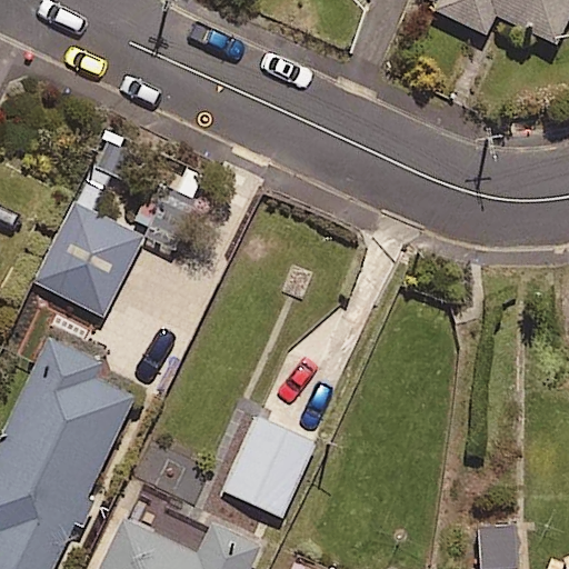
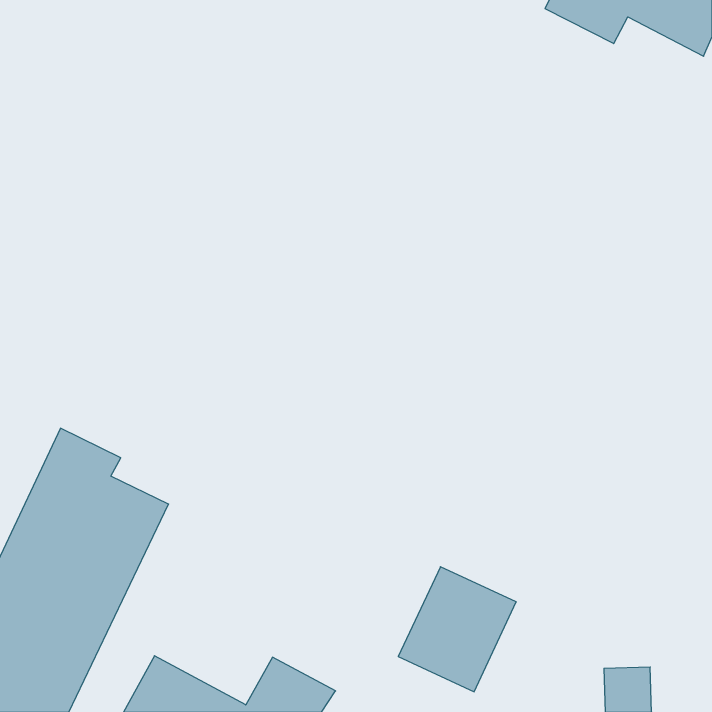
building: [33,143,142,318] -> none
building: [222,418,316,517] -> [398,567,516,692]

